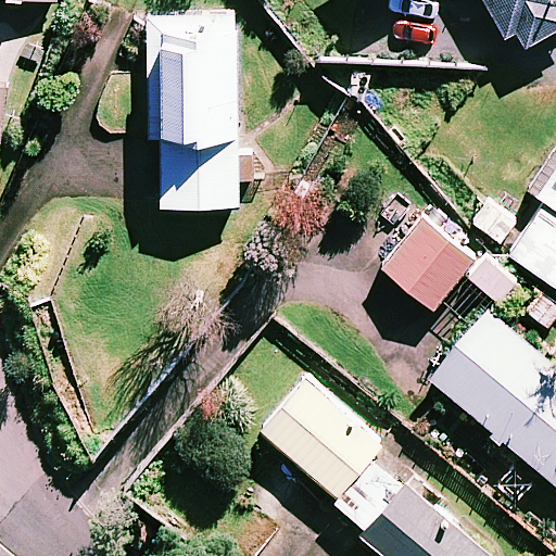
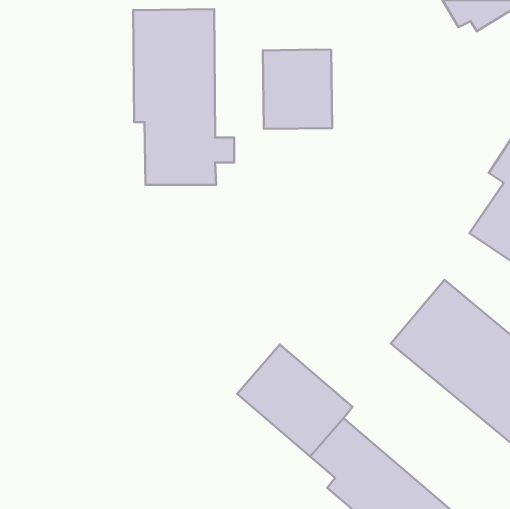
building: none -> [263,50,332,129]
building: [378,217,470,309] -> none

